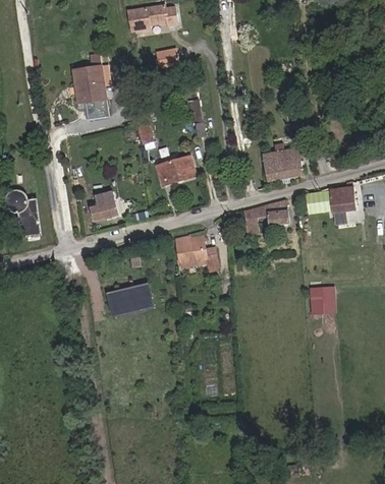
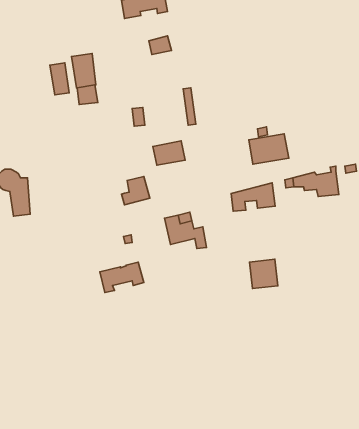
building: none -> [50,63,69,95]
building: [89,191,118,221] -> [121,177,150,205]
building: [307,286,336,316] -> [249,259,278,289]

